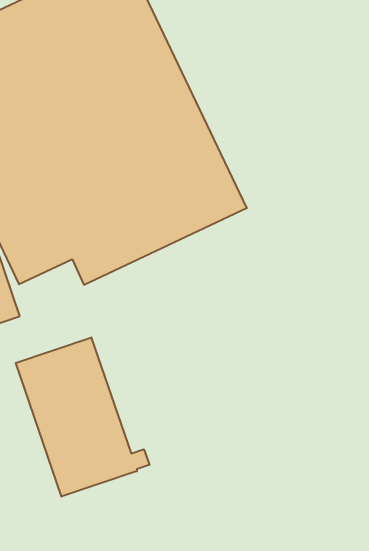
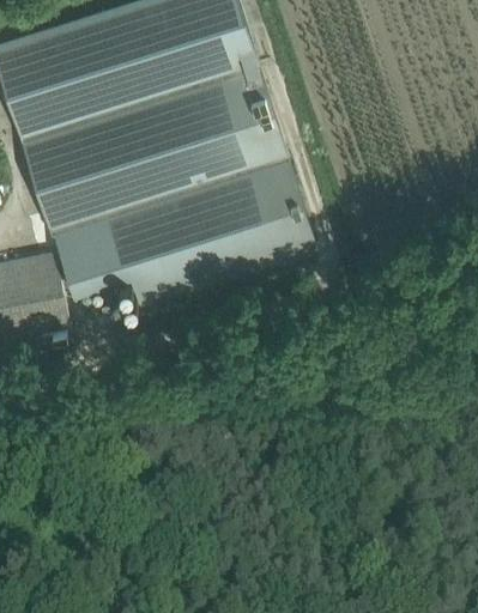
building: [16,337,149,497] -> none

